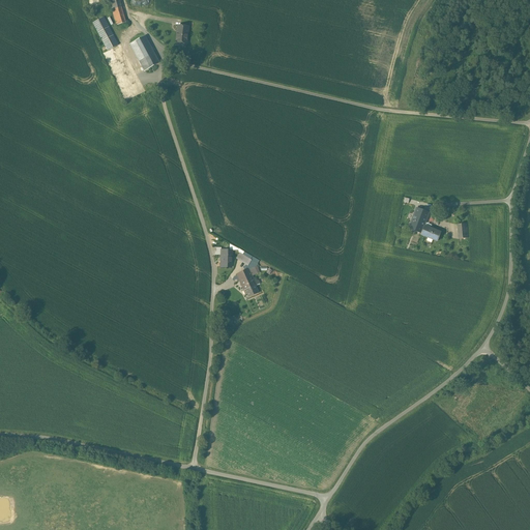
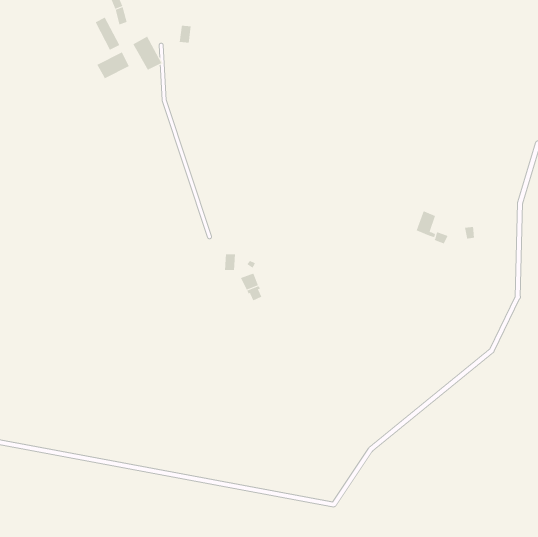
building: none -> [97,51,130,79]

